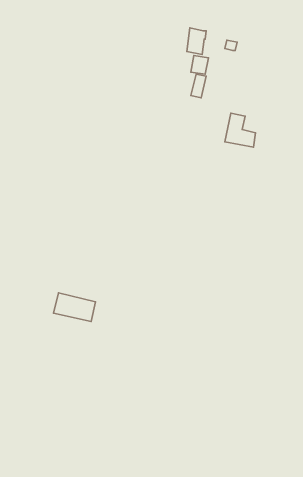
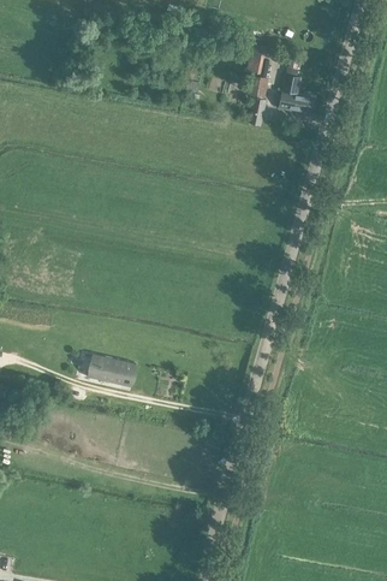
building: [225,113,256,147] -> [279,73,315,113]

